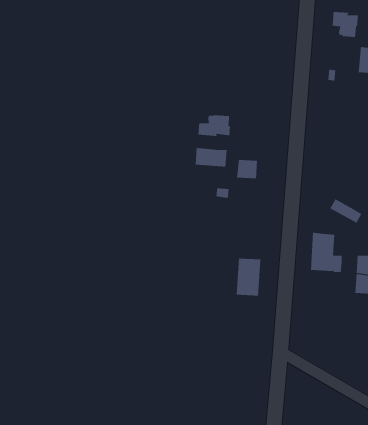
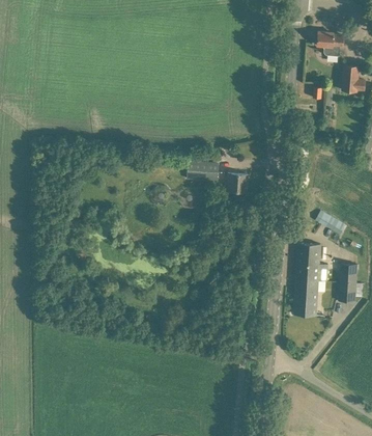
building: [198,114,230,137] -> none
building: [236,258,261,296] -> [295,279,319,316]

